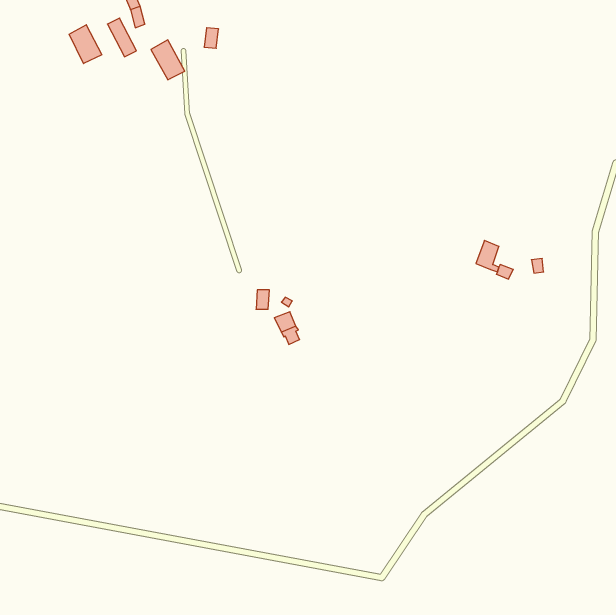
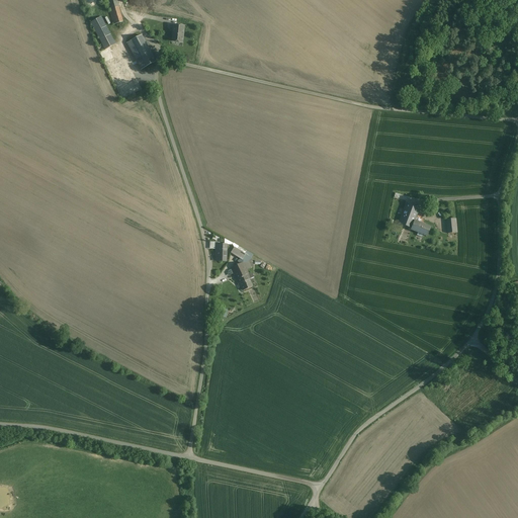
building: [69,25,102,64] -> none

